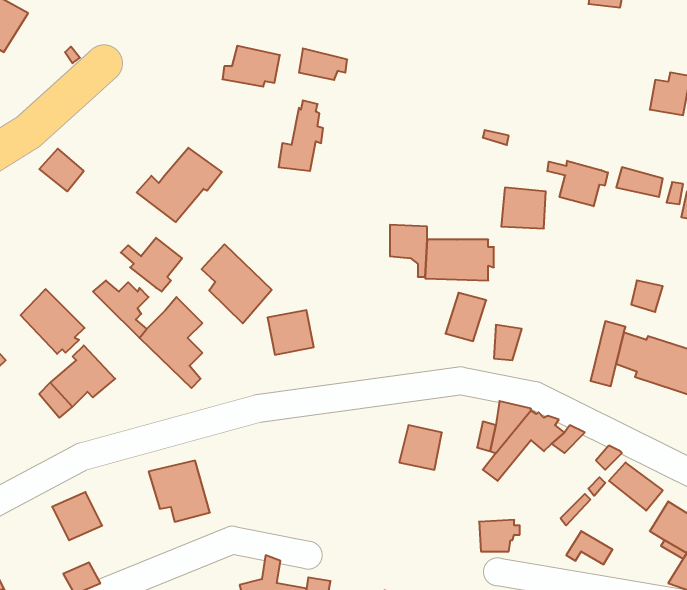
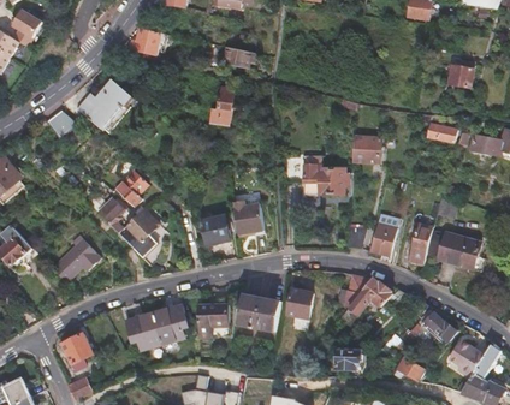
building: [222,46,280,87] -> [130,28,167,54]
building: [137,148,222,222] -> [78,79,134,127]
building: [547,161,608,206] -> none
building: [202,244,272,323] -> none
building: [21,289,85,354] -> none
building: none -> [233,201,265,236]
building: [445,293,486,341] -> [369,224,396,255]
building: none -> [236,292,281,330]
building: none -> [153,304,188,345]
building: none -> [197,304,229,336]

